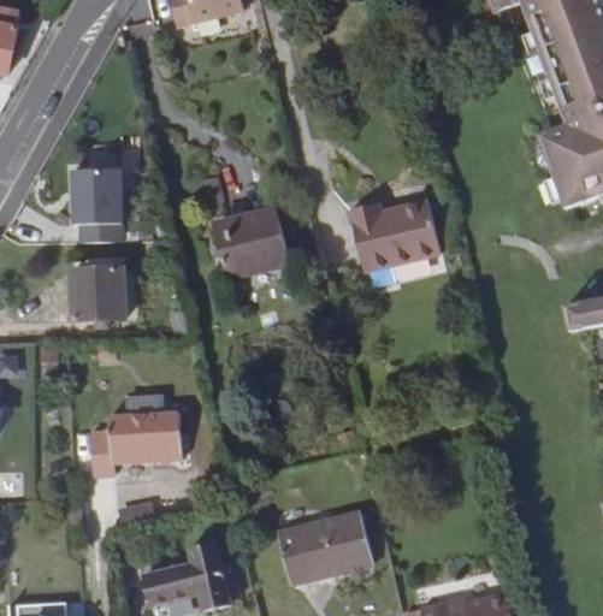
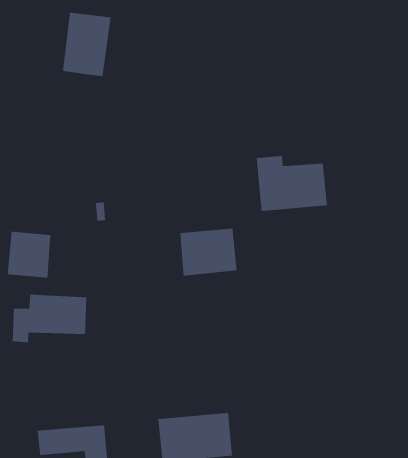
building: [71,164,122,236] -> [62,12,111,77]
building: [220,213,295,278] -> [180,228,237,276]
building: [72,266,124,320] -> [7,231,51,278]

